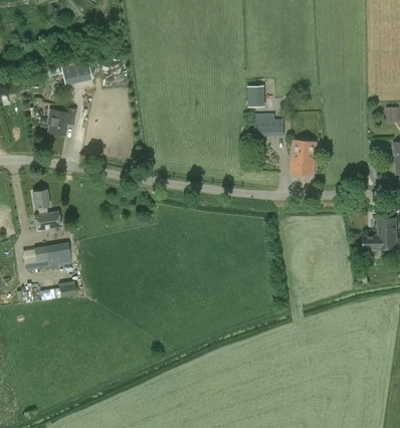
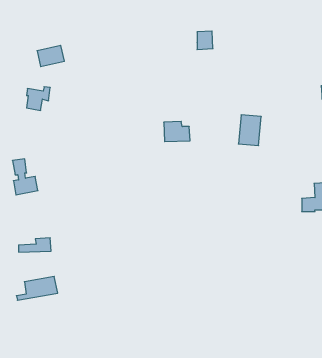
building: [247,85,265,106] -> [197,31,213,50]
building: [254,113,284,136] -> [164,121,190,142]
building: [24,241,71,268] -> [16,276,58,300]

